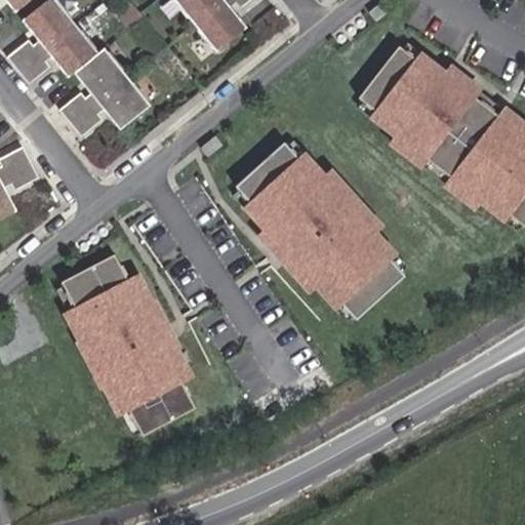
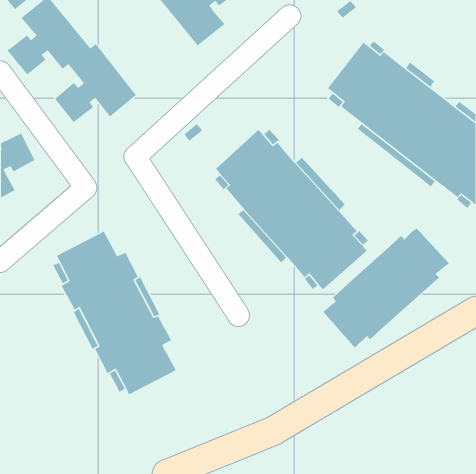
building: none -> [323,227,449,349]

